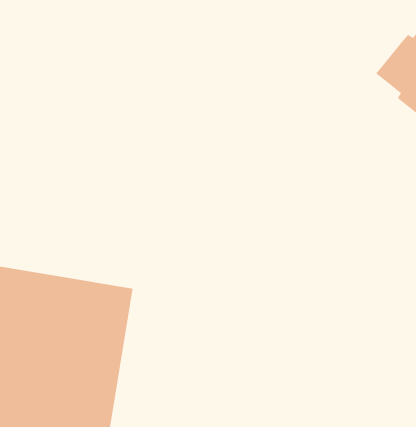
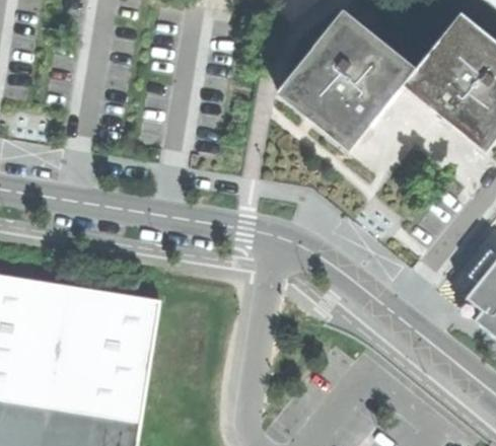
building: none -> [282,14,413,146]

